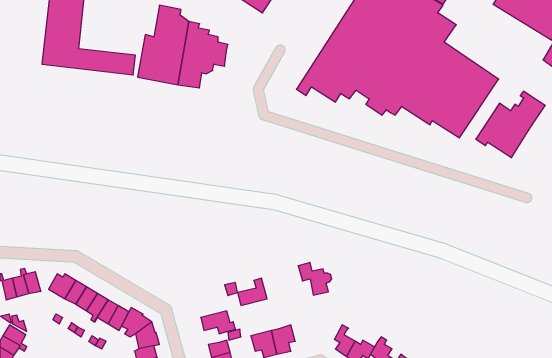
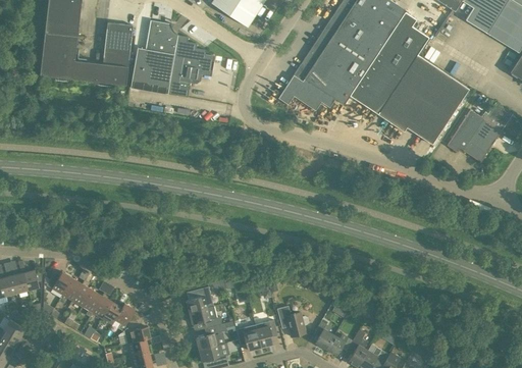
building: none -> [102,22,133,66]
building: [298,262,332,295] -> [276,306,308,336]
building: [238,278,267,305] -> [186,286,213,312]

